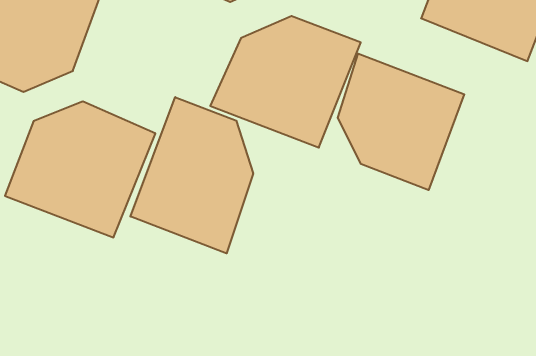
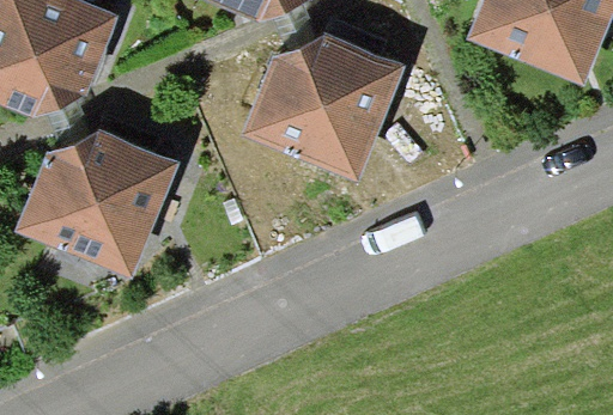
building: [338,54,464,190] -> none
building: [130,97,253,253] -> none

